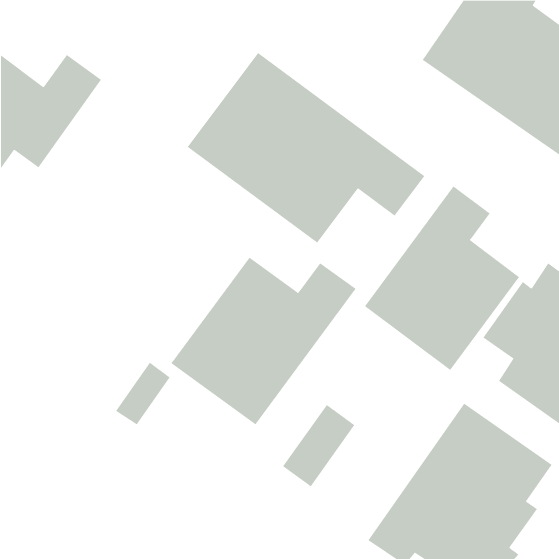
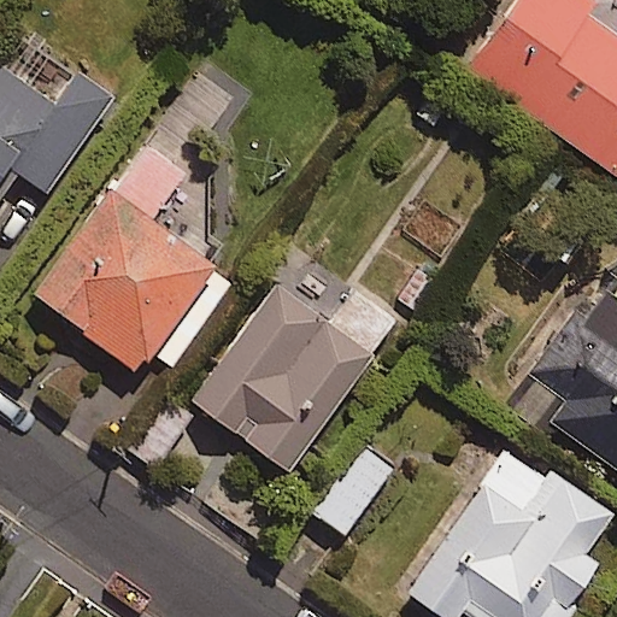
building: [187,52,425,243] -> none
building: none -> [33,147,230,369]
building: [364,186,520,371] -> none

